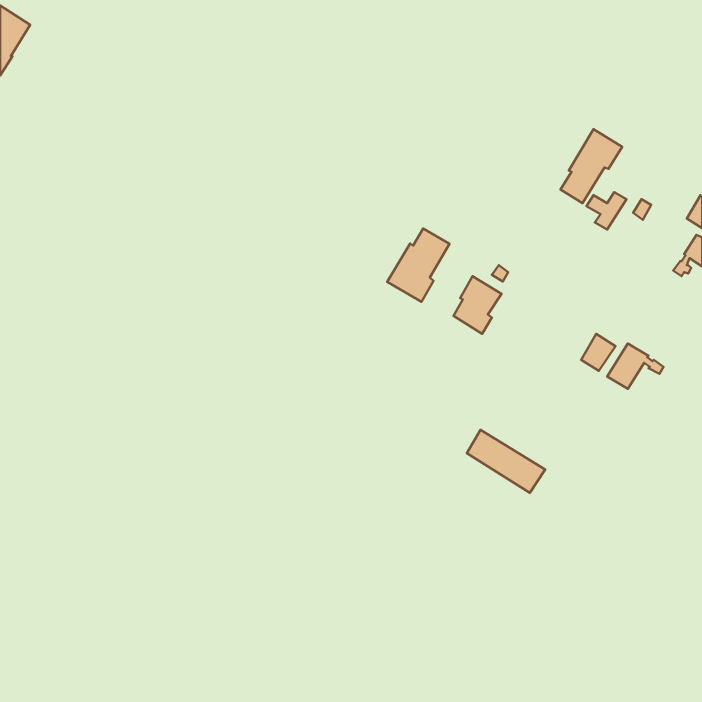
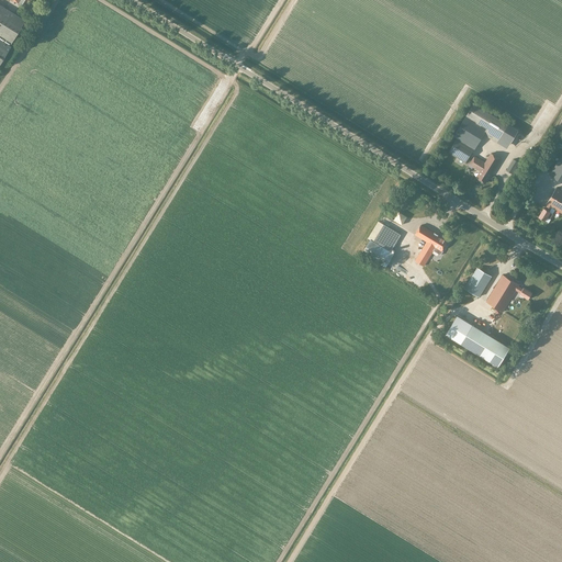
building: none -> [486,117,518,148]
building: [387,229,450,302] -> none
building: none -> [415,225,447,266]
building: [467,430,545,493] -> [446,316,508,367]

